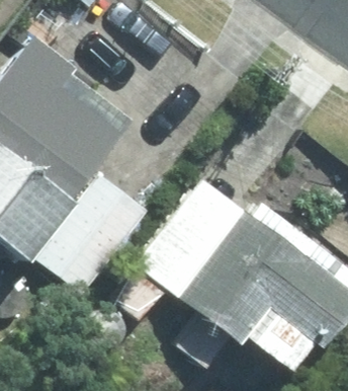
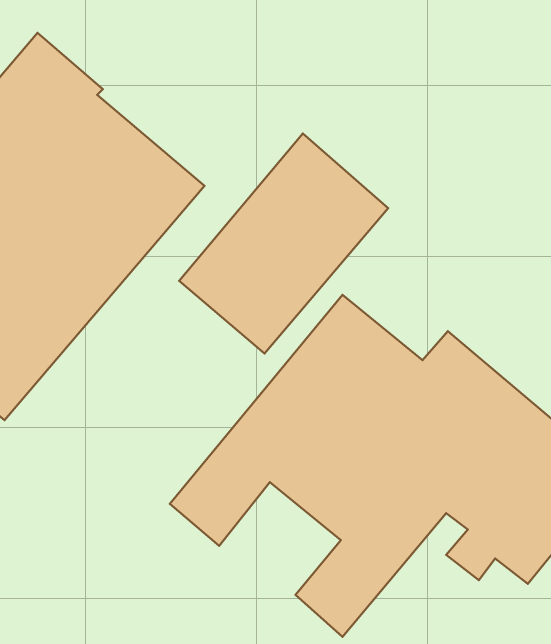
building: [25,172,142,295] -> [179,133,388,354]

